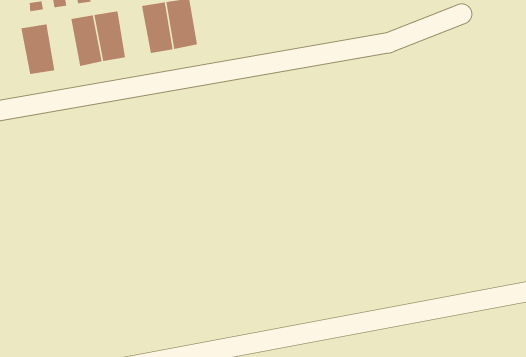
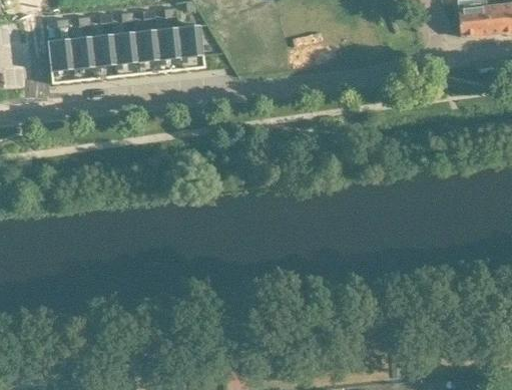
building: none -> [135,30,161,75]
building: none -> [71,37,97,82]

